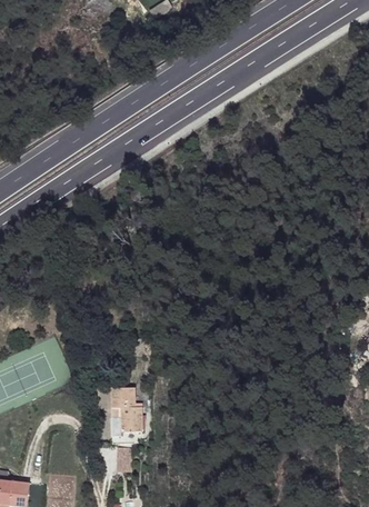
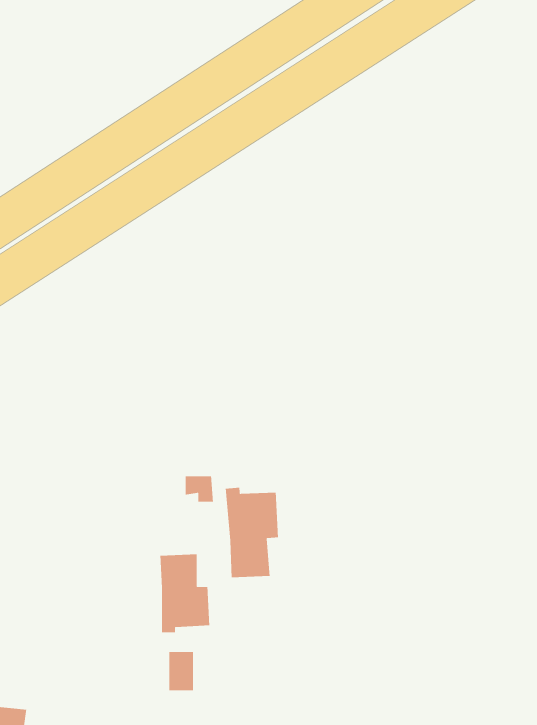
building: none -> [225,487,279,578]

